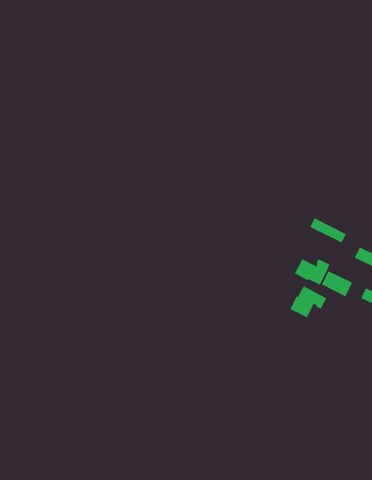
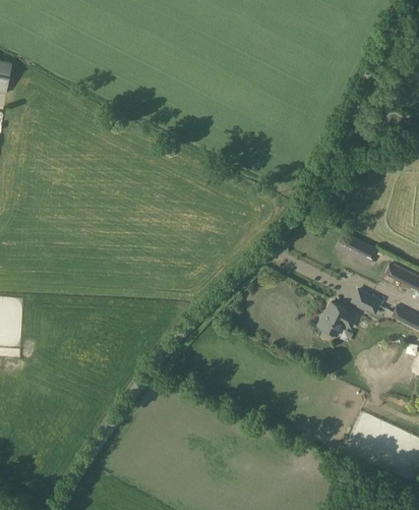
building: [294,259,330,285] -> none

